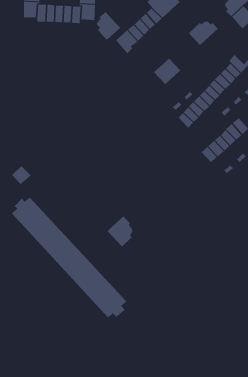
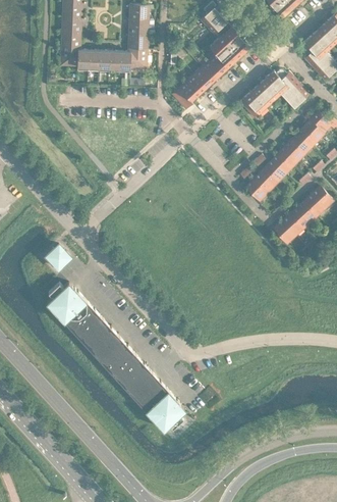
building: [96,11,121,41] -> none
building: none -> [280,80,308,108]
building: [153,58,181,85] -> [239,85,273,117]
building: [107,216,133,247] -> none

